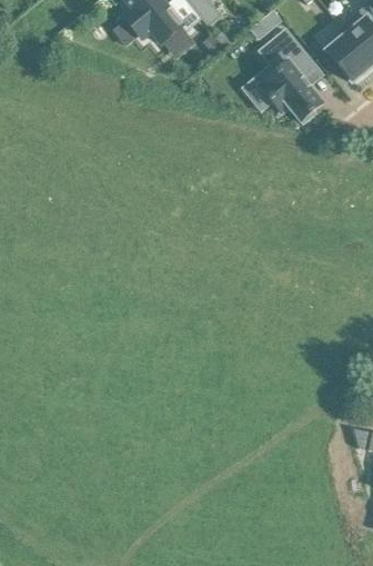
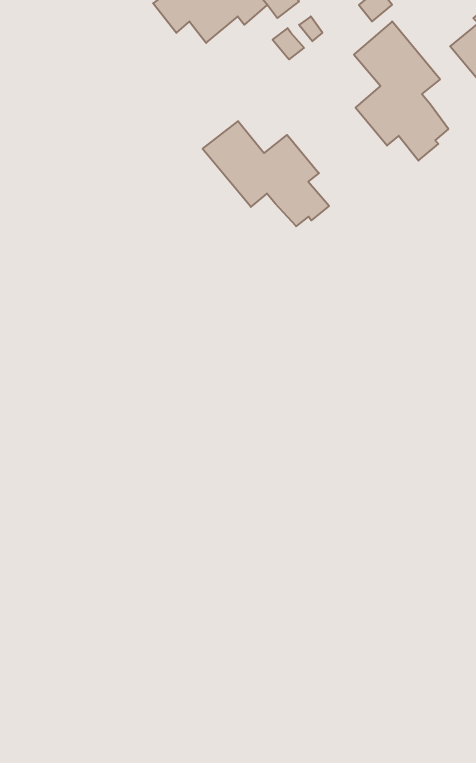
building: none -> [203,121,329,226]

